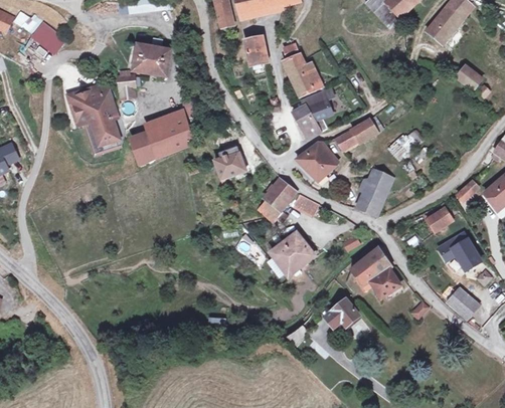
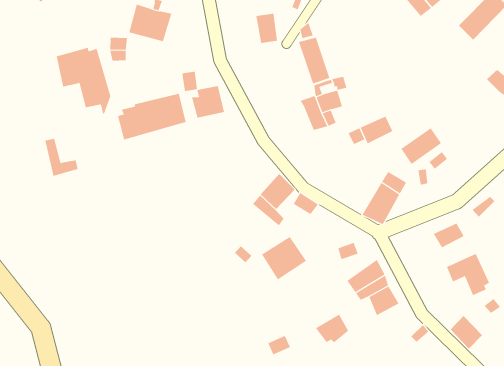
building: [85,119,118,153] -> [44,138,79,176]
building: [298,141,336,179] -> none
building: [215,147,246,178] -> [191,86,225,118]

